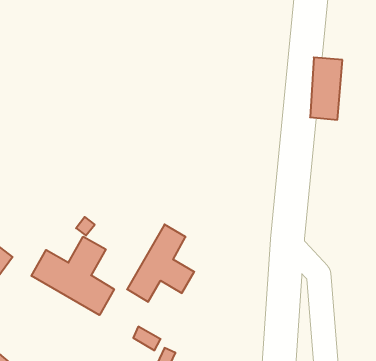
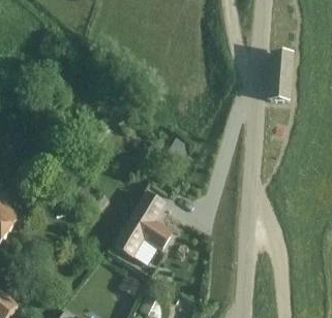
building: [31,237,114,315] -> none

